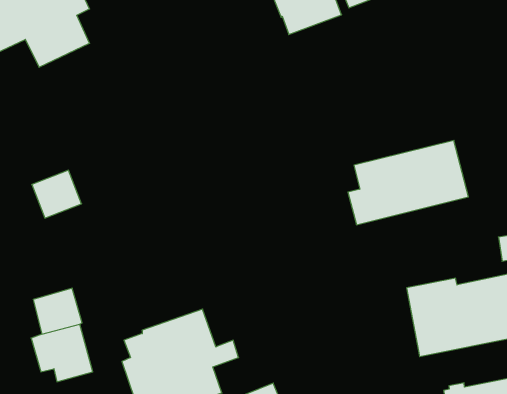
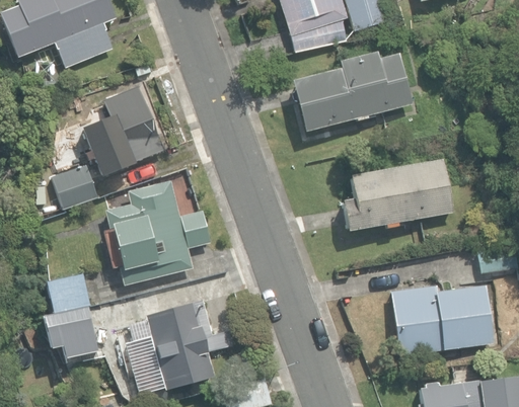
building: none -> [291,51,412,133]
building: none -> [82,102,157,177]
building: none -> [103,180,209,284]

